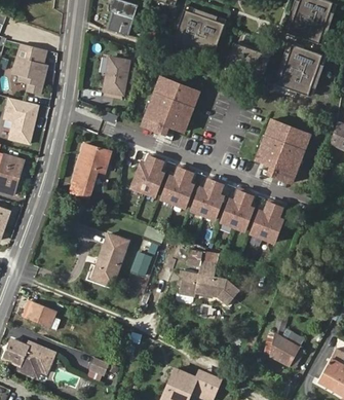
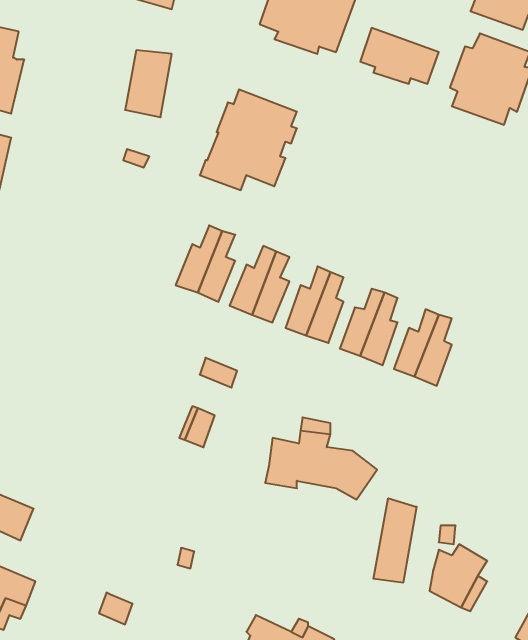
building: [258,121,308,183] -> none
building: [69,144,109,197] -> none
building: [92,235,125,285] -> none
building: none -> [373,498,417,583]

